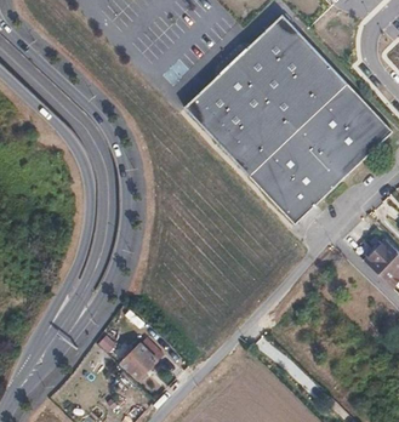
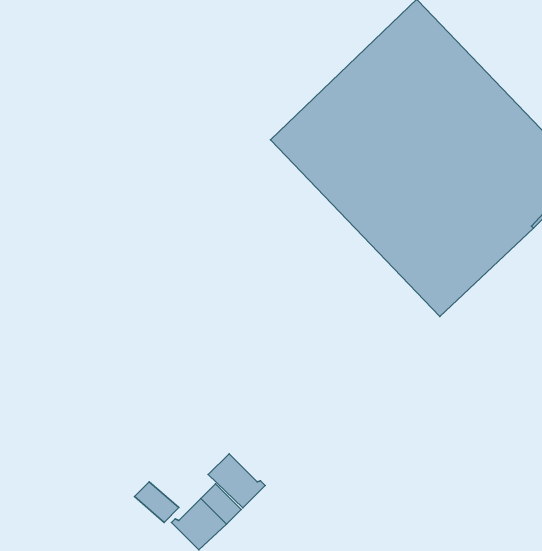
building: none -> [208,454,265,508]

